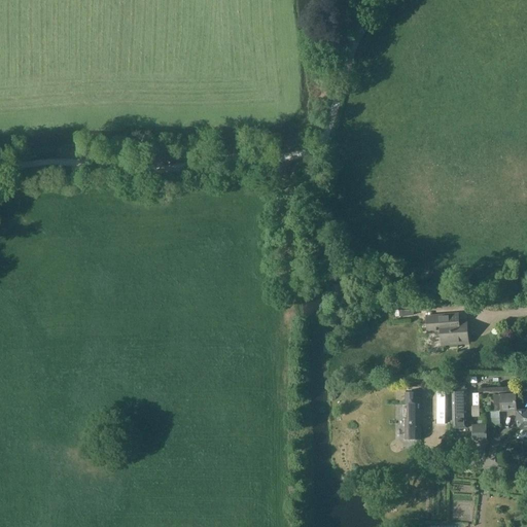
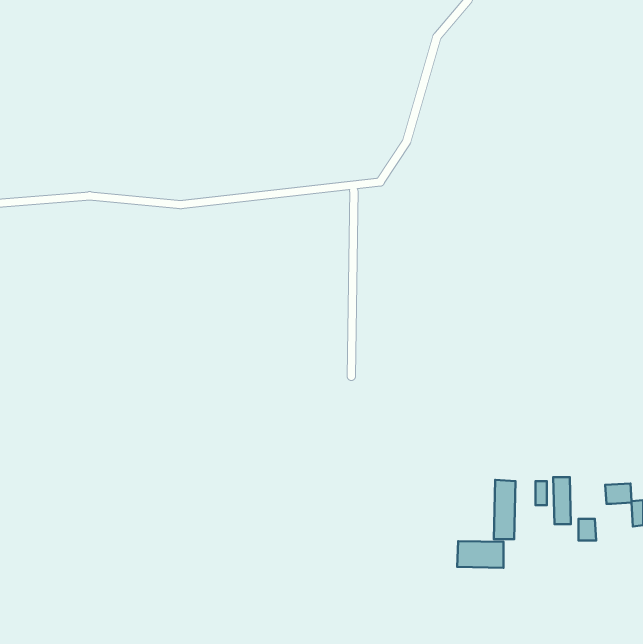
building: [425,314,466,345] -> none
building: none -> [457,541,504,568]

